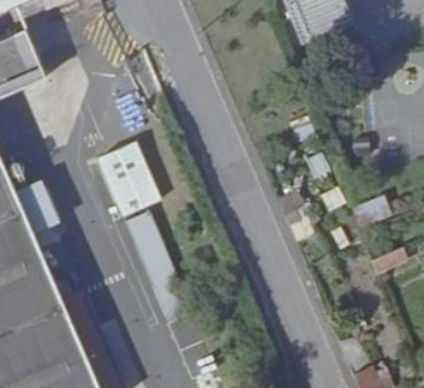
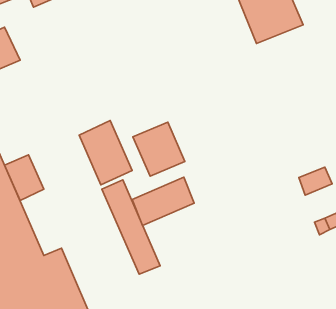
building: none -> [133,122,185,176]
building: none -> [132,177,194,226]

